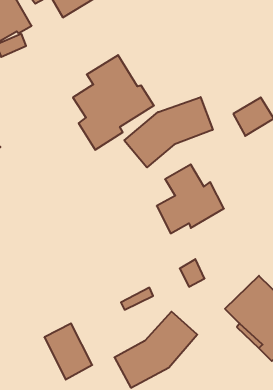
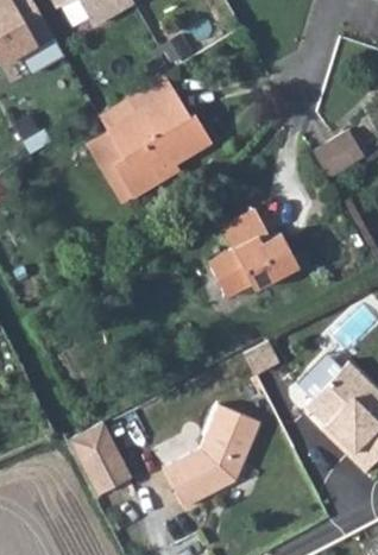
building: [124,97,213,167] -> none

